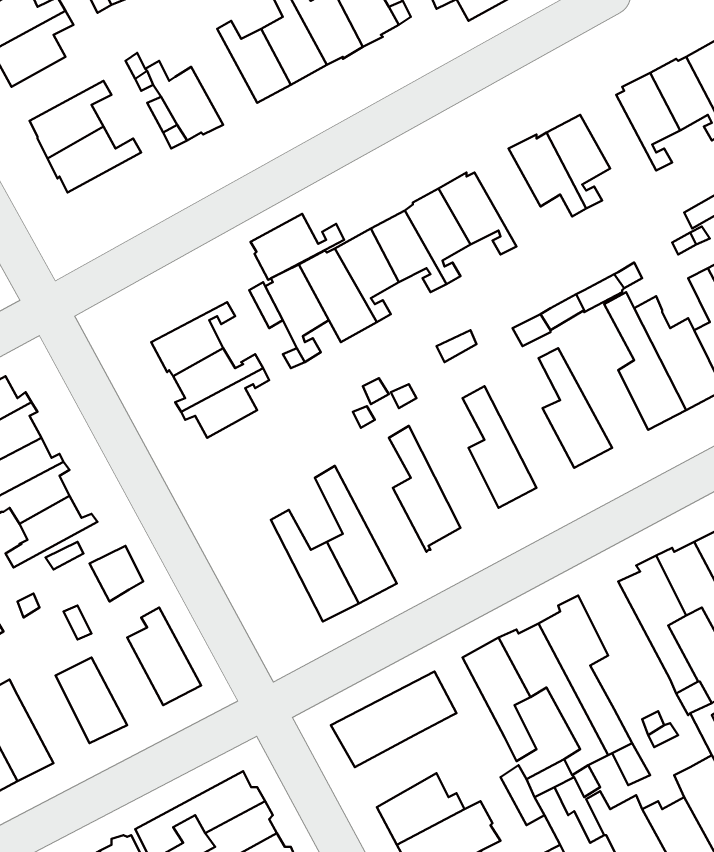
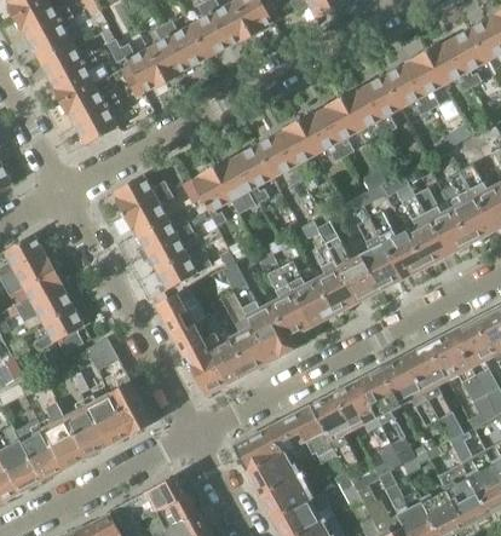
building: none -> [148,23,188,81]
building: none -> [39,40,94,79]
building: none -> [384,63,430,114]
building: none -> [319,96,359,155]
building: none -> [73,98,122,144]
building: [250,214,344,280] -> [113,173,169,213]
building: none -> [370,211,425,277]
building: none -> [326,234,380,301]
building: none -> [157,254,211,292]
building: none -> [280,258,334,325]
building: none -> [225,261,295,359]
building: none -> [156,282,228,394]
building: none -> [382,358,438,425]
building: none -> [87,392,131,445]
building: none -> [42,403,86,468]
building: none -> [295,404,338,461]
building: none -> [247,451,300,495]

